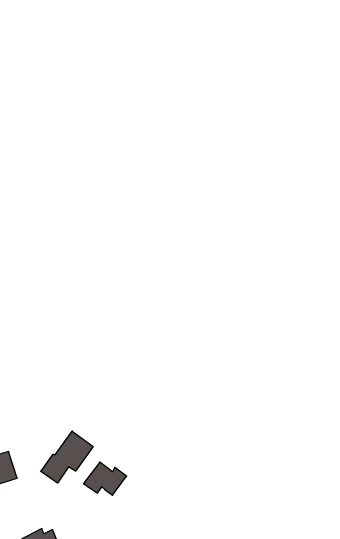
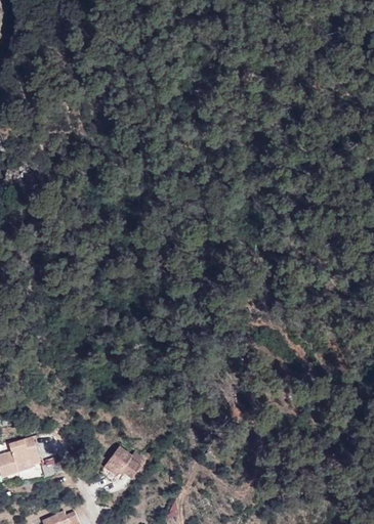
building: [41,431,93,483] -> none

